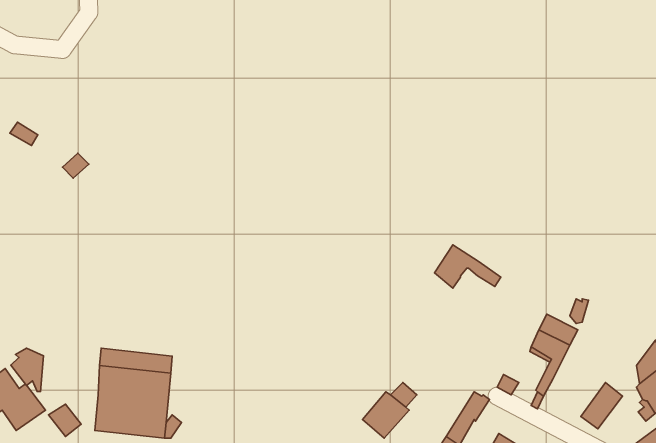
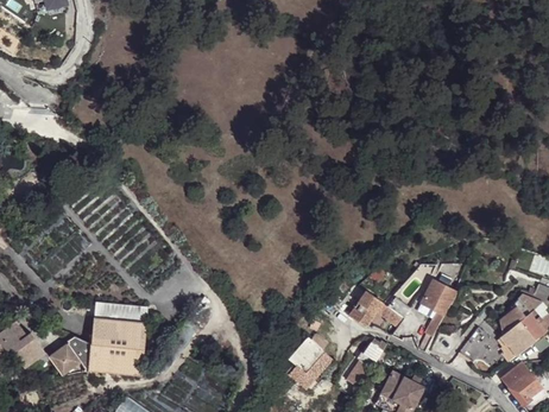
building: [434,245,501,288] -> [352,292,403,325]
building: [11,348,43,392] -> [62,336,87,369]

